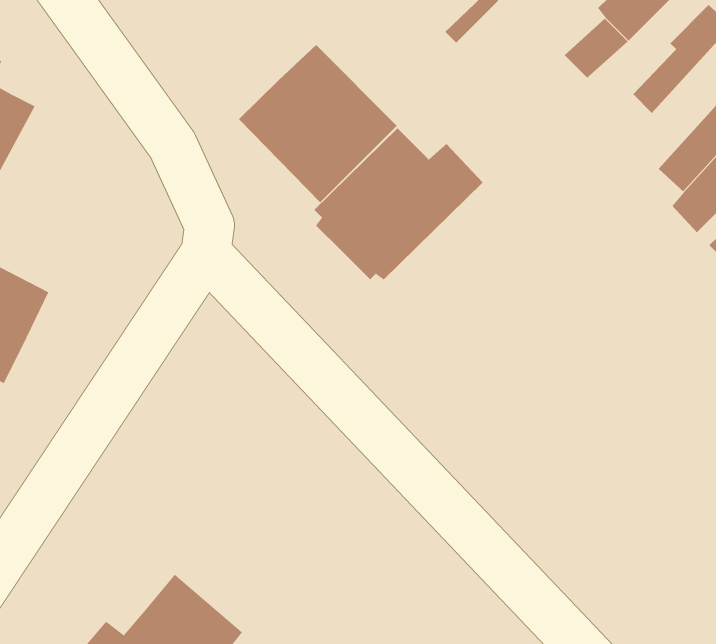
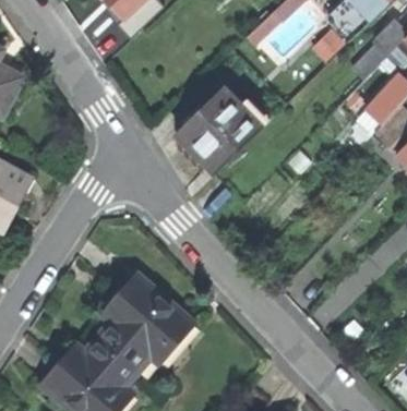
building: [238,44,398,203] -> none
building: none -> [98,274,193,370]

